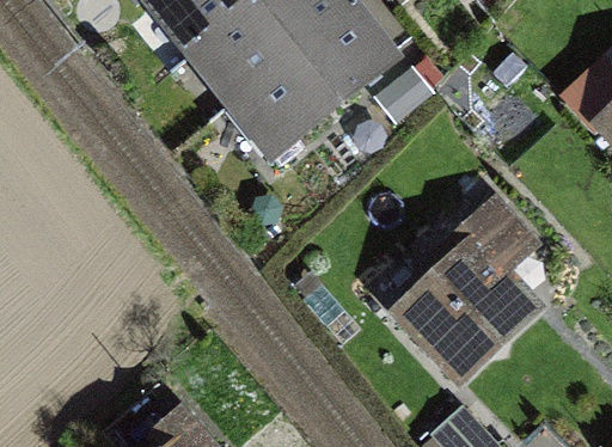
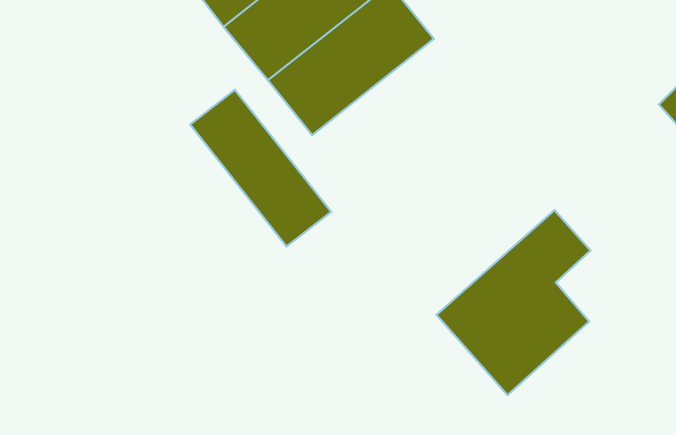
building: none -> [190,90,331,247]

